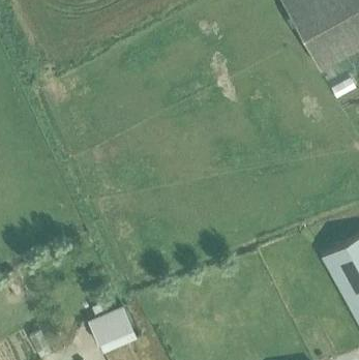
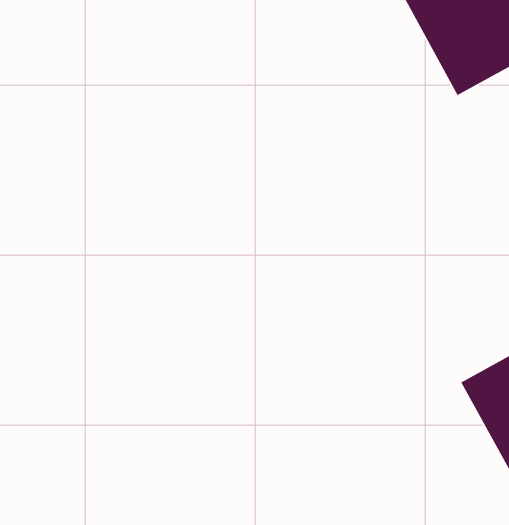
building: [87,307,130,344] -> none

